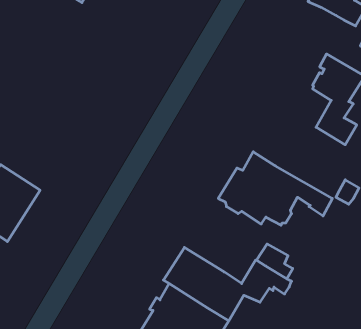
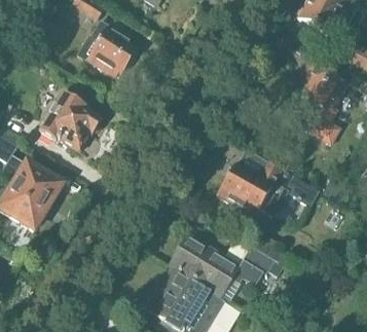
building: none -> [77,22,136,77]
building: none -> [43,94,102,147]

